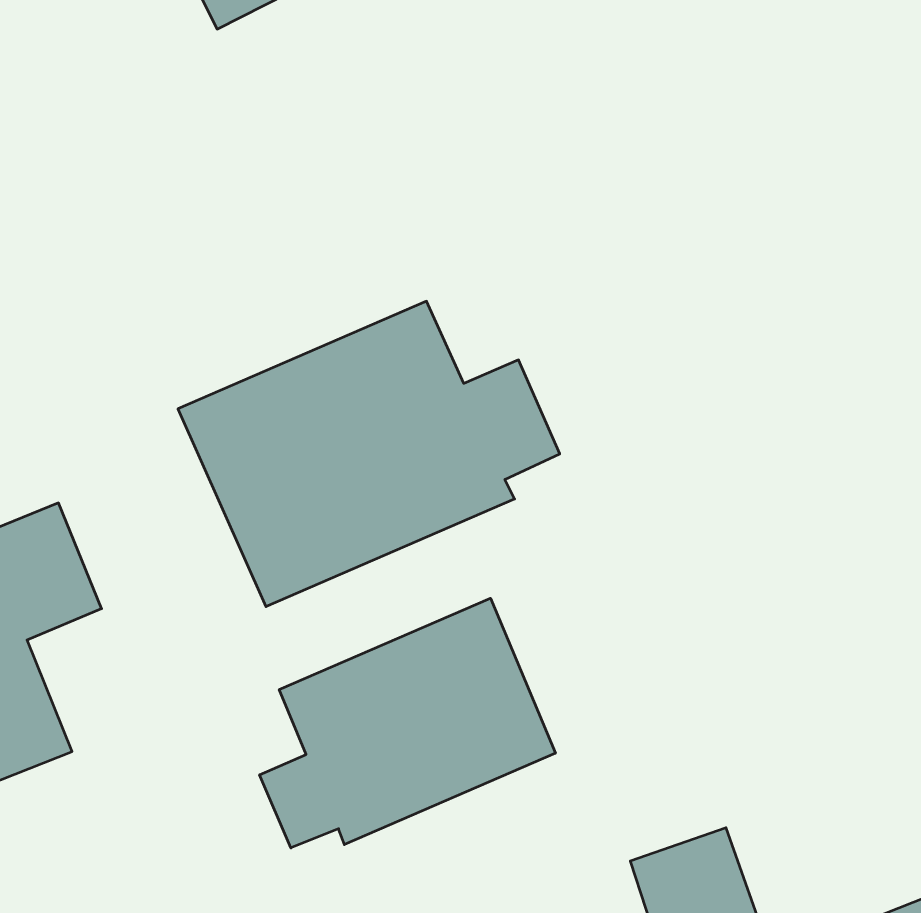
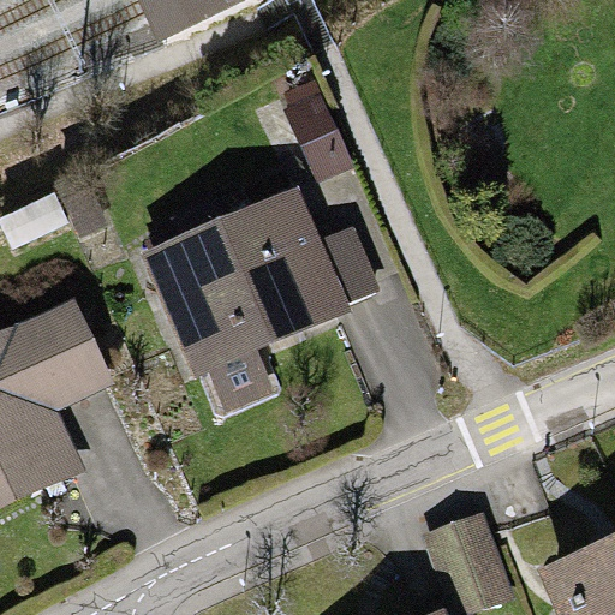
building: [260,598,555,848] -> none

